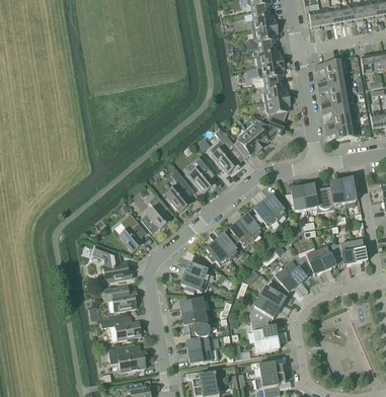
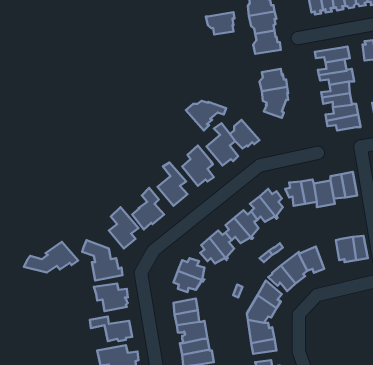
building: [256,62,284,83] -> [206,12,234,35]
building: [245,120,284,148] -> [186,101,226,131]
building: [316,242,338,270] -> none
building: none -> [24,242,78,273]

